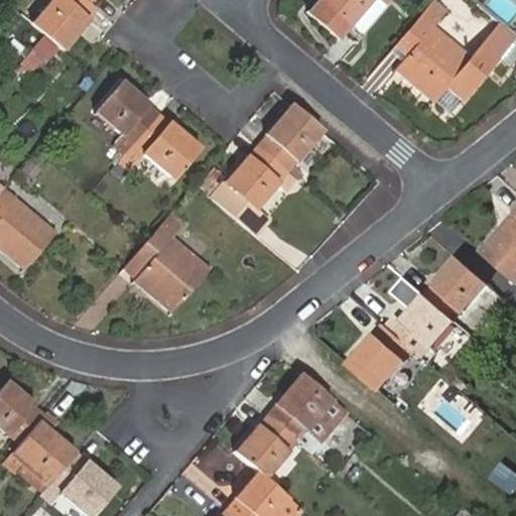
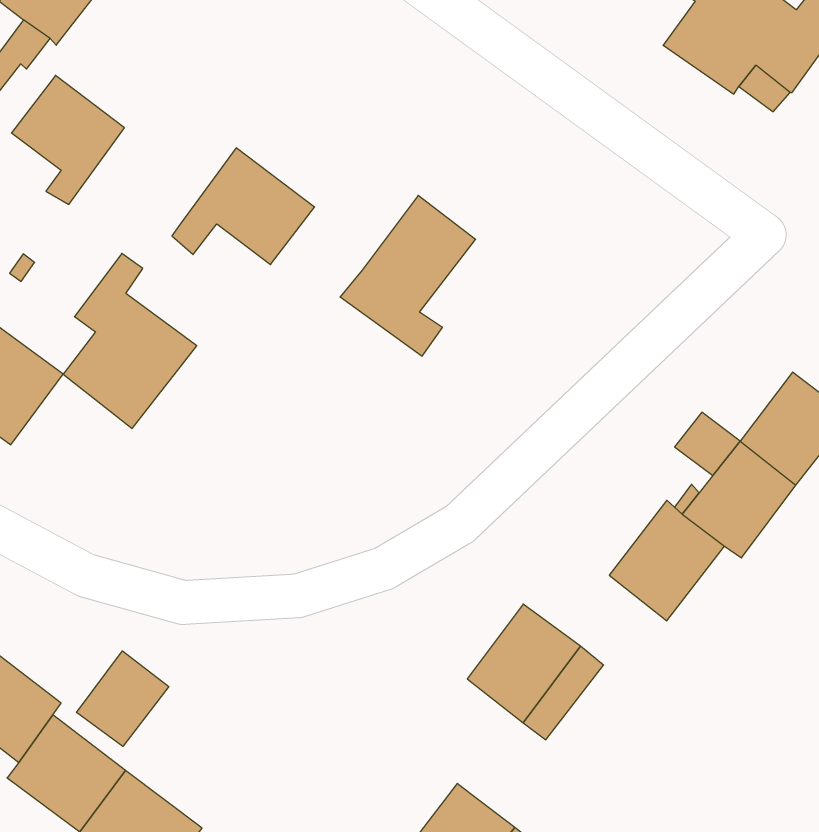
building: [96,82,158,153] -> [11,75,124,204]
building: [257,104,322,171] -> none
building: [135,215,210,311] -> [63,253,197,428]
building: none -> [77,651,169,746]
building: [236,413,297,477] -> none

